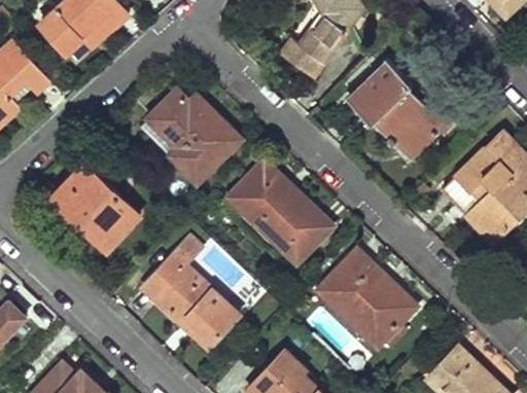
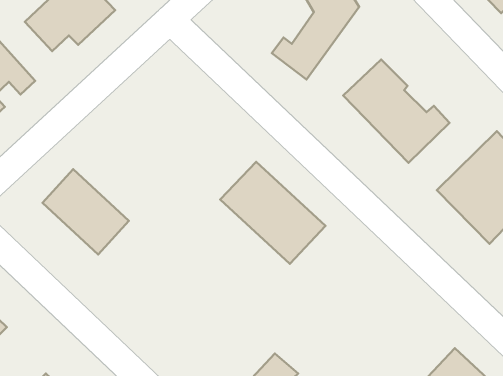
building: [140,91,241,184] -> none
building: [143,237,240,348] -> none
building: [319,247,418,348] -> none

